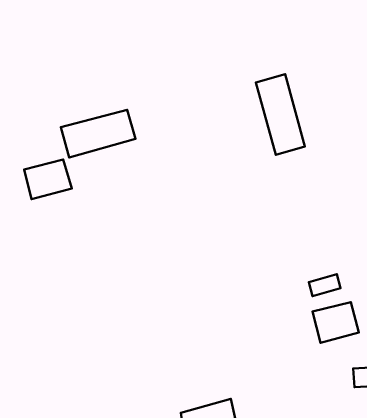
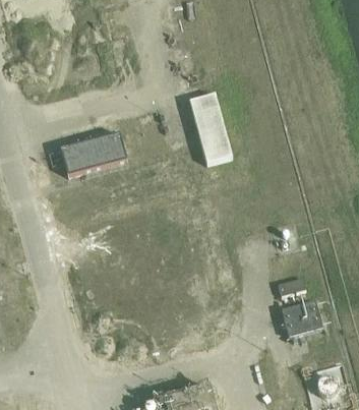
building: [256,74,305,155] -> [189,94,232,164]
building: [24,159,72,199] -> none

